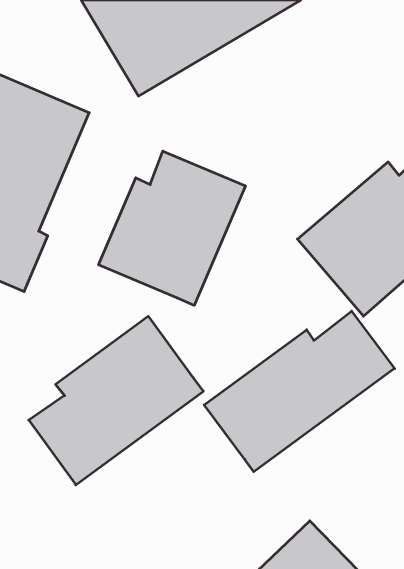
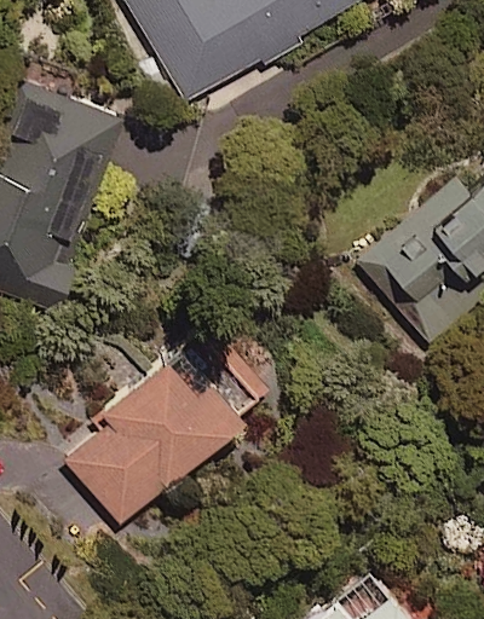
building: [99,151,245,305] -> none
building: [204,311,395,472] -> none

